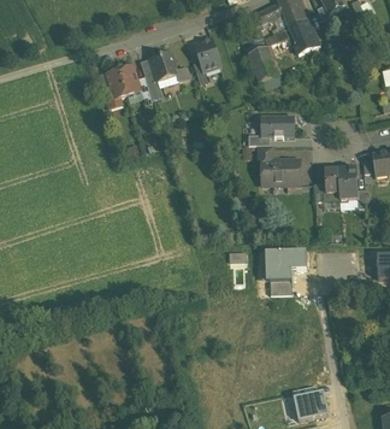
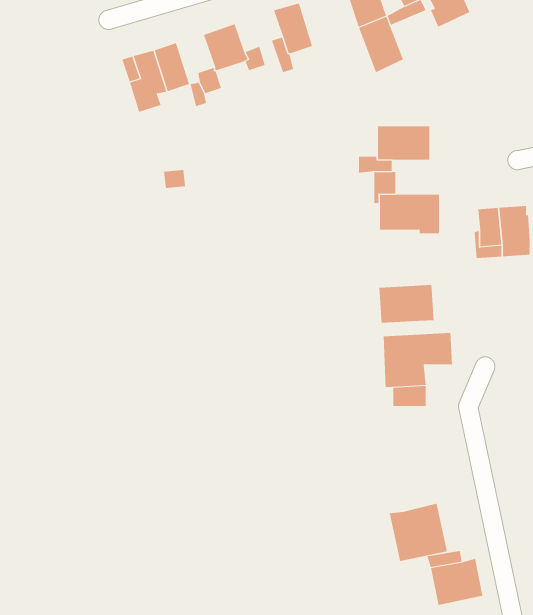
building: none -> [379,284,434,324]
building: none -> [389,503,447,562]

